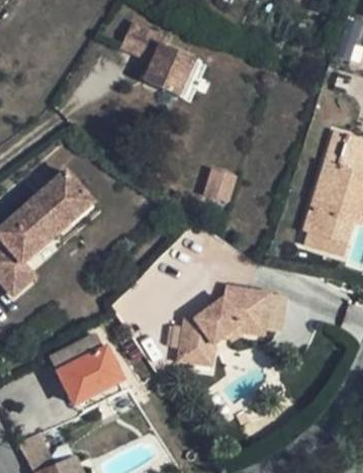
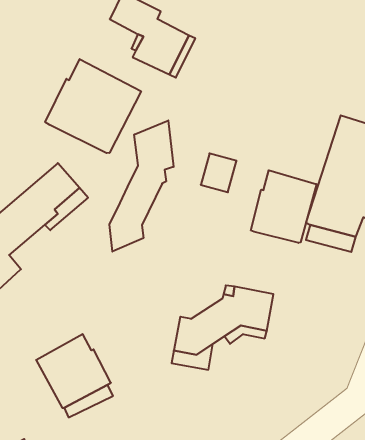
building: none -> [45,59,141,153]
building: none -> [109,120,174,252]
building: none -> [251,170,317,243]

